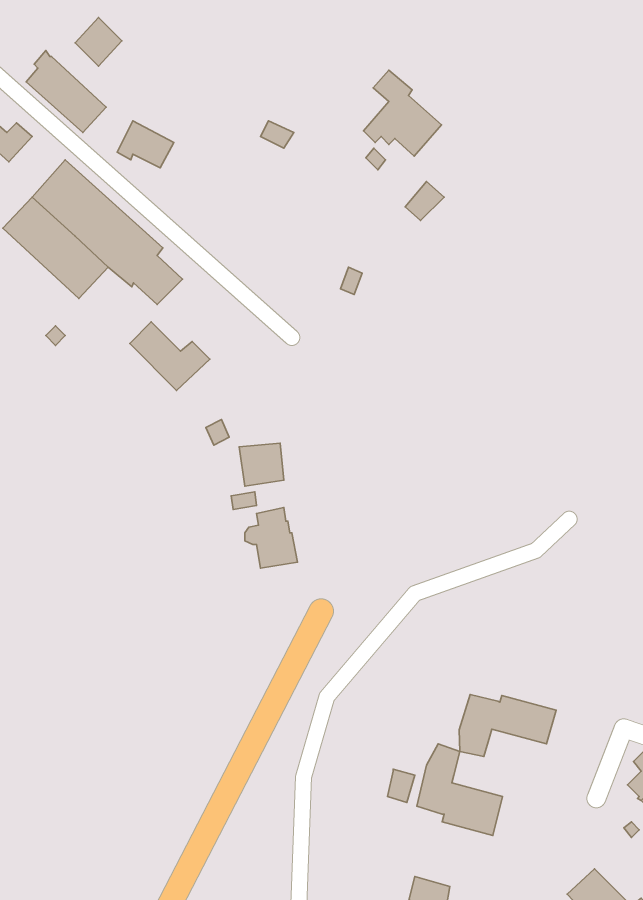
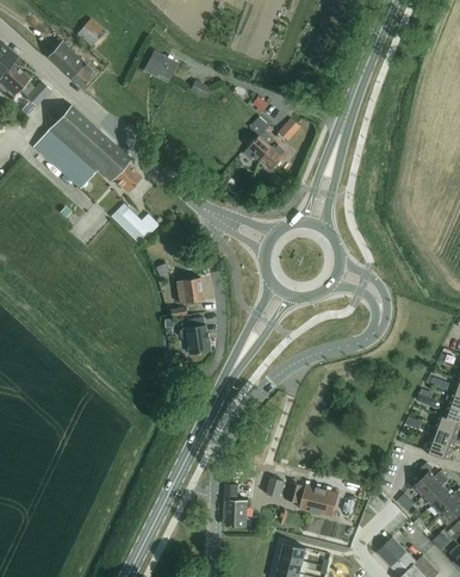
building: [363,70,442,156] -> [243,117,291,169]
building: [117,121,174,168] -> [143,51,178,80]
building: [459,695,556,756] -> none
building: none -> [224,484,248,527]

